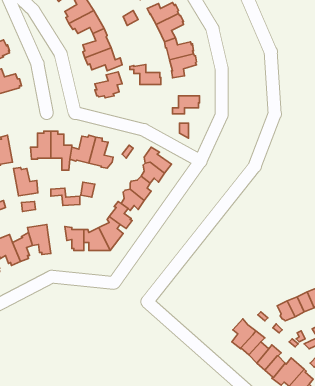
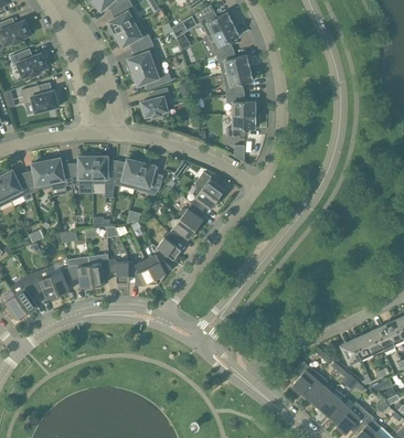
building: [130,65,161,85] -> [222,93,256,115]
building: [14,168,38,196] -> [45,157,72,188]
building: none -> [88,254,110,288]

